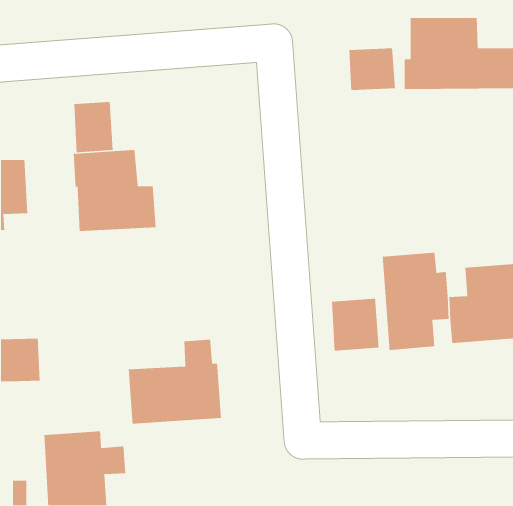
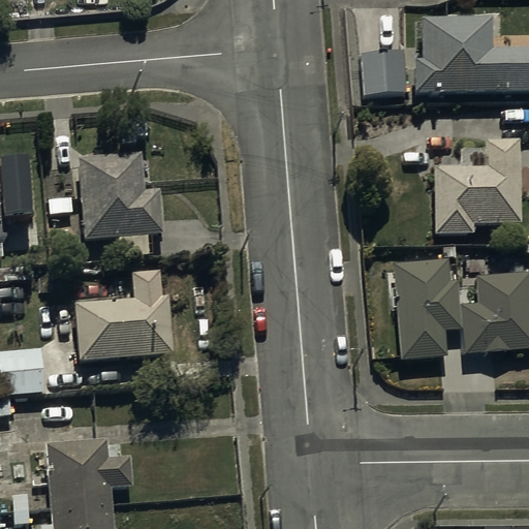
building: [73,101,113,153] -> none
building: none -> [434,139,518,234]
building: [331,298,379,352] -> none
building: [128,339,222,424] -> [75,272,172,360]

